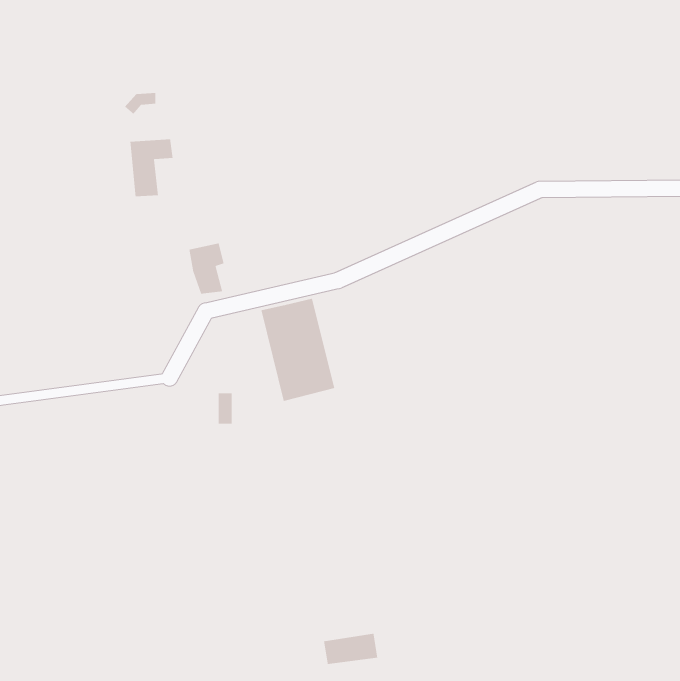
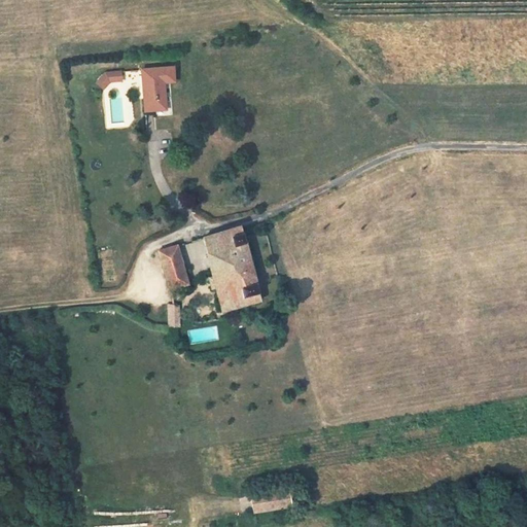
building: [130,139,174,197] -> [142,65,176,110]
building: [188,242,225,294] -> [161,247,188,287]

